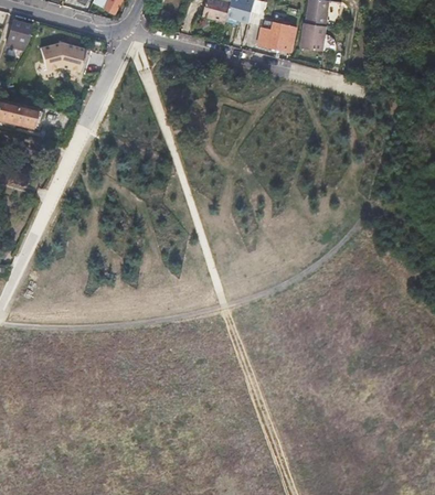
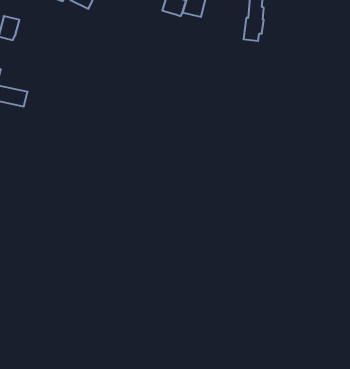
building: [258,20,296,52] -> none
building: [41,42,86,71] -> none

